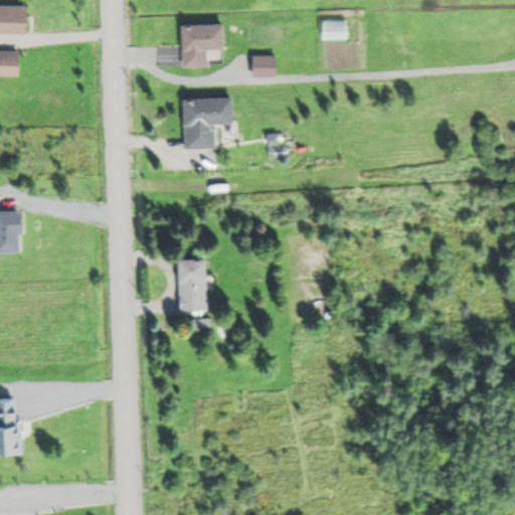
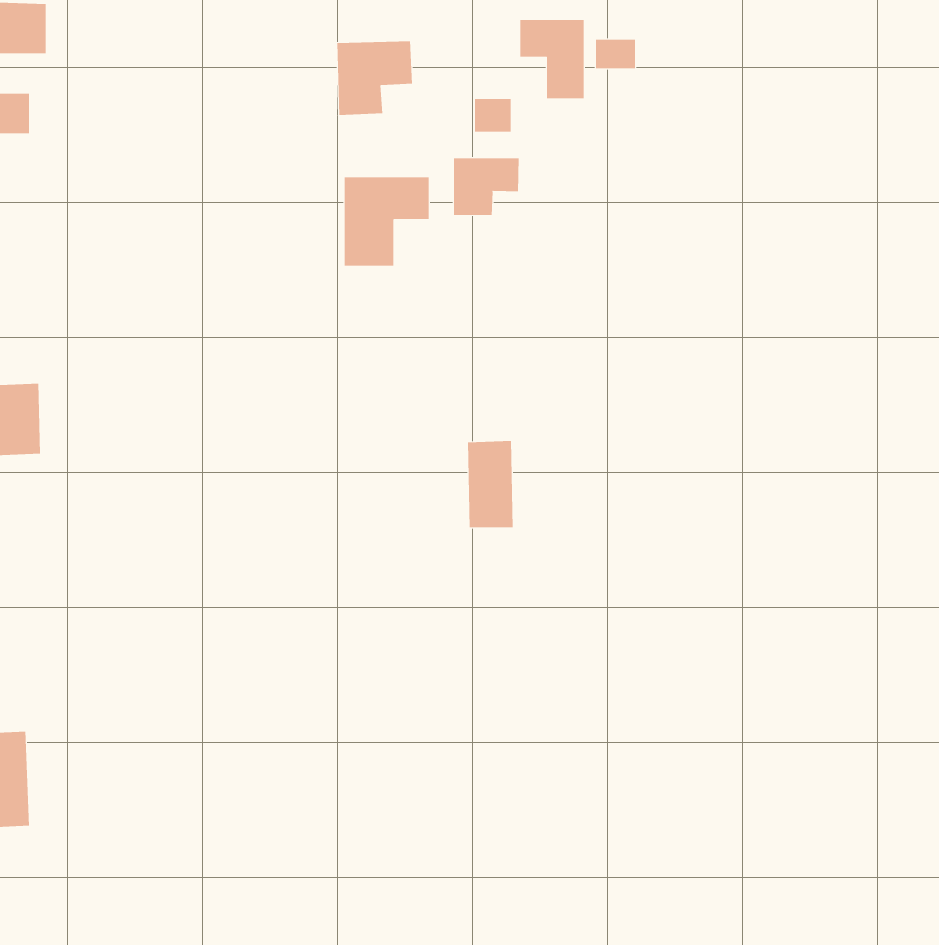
building: none -> [520,19,584,99]
building: none -> [453,158,519,216]
building: [177,262,202,309] -> [467,440,514,528]

